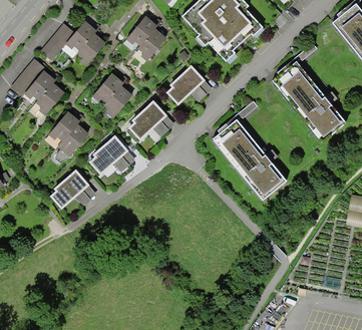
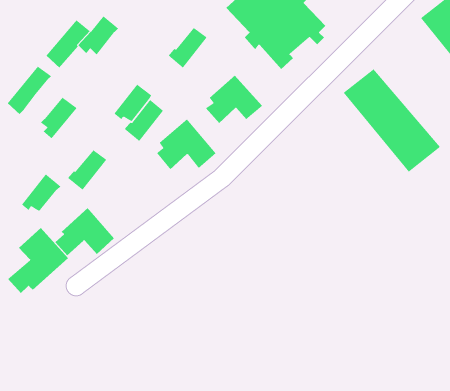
building: [128,16,158,46] -> none
building: [78,33,107,66] -> none
building: [25,69,57,100] -> none
building: [50,111,81,141] -> [21,173,61,212]
building: [214,119,289,201] -> none
building: [88,135,133,174] -> none
building: none -> [7,227,69,294]

